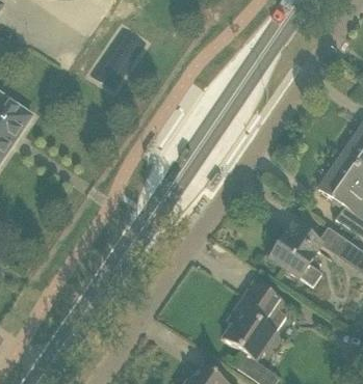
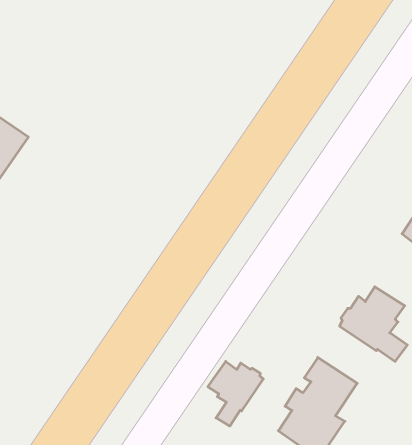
building: none -> [208,361,263,426]

